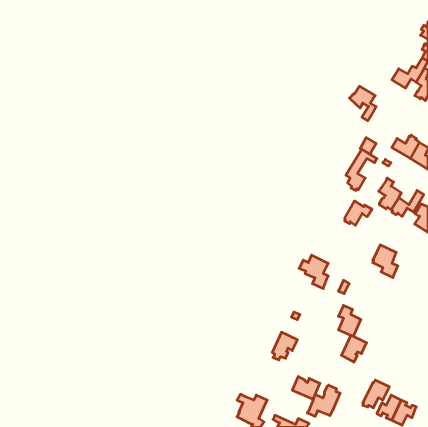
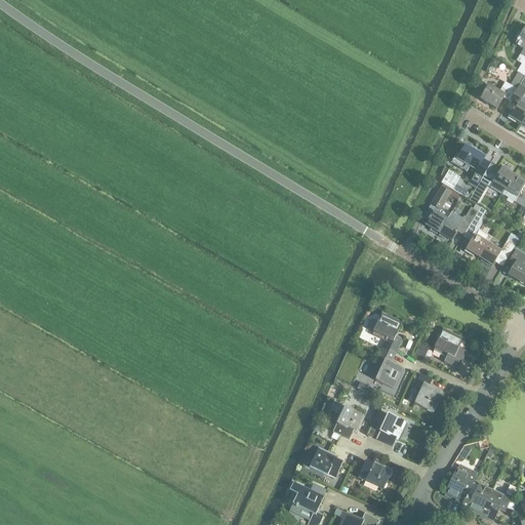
building: [349,86,376,121] -> [453,145,486,187]
building: [345,201,372,225] -> [439,210,473,240]
building: [373,245,398,278] -> [434,328,465,368]
building: none -> [373,347,403,388]
building: [341,335,367,362] -> [376,413,407,446]
building: none -> [310,447,342,478]
building: [307,385,340,416] -> none

